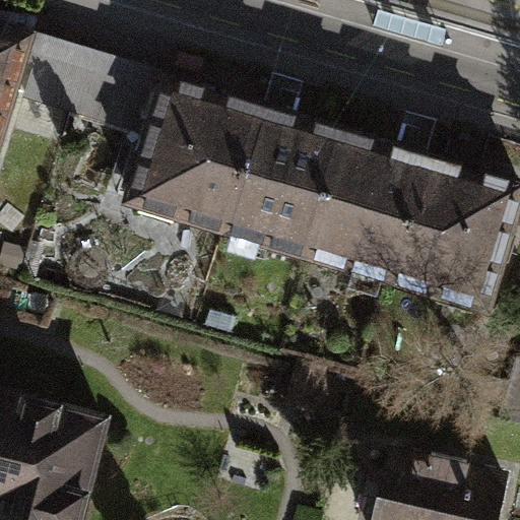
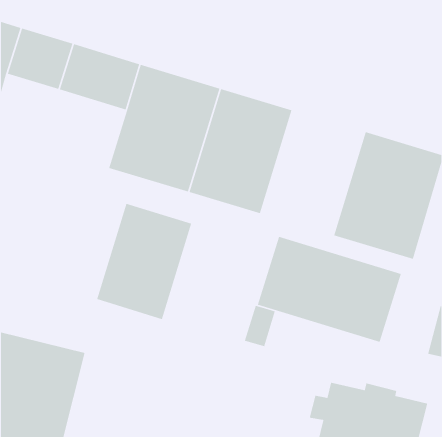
building: [306,134,429,282] -> none
building: none -> [96,203,192,320]
building: none -> [257,236,402,343]

